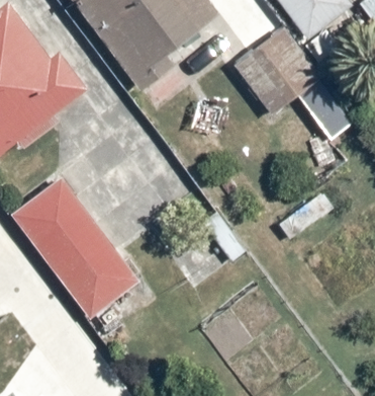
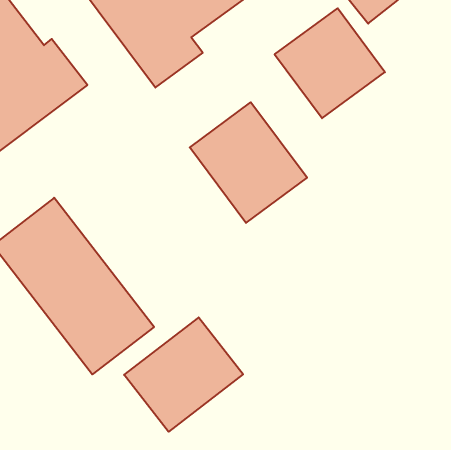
building: none -> [190,102,307,223]
building: none -> [124,317,243,432]

